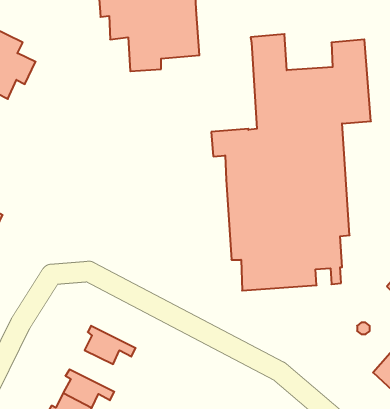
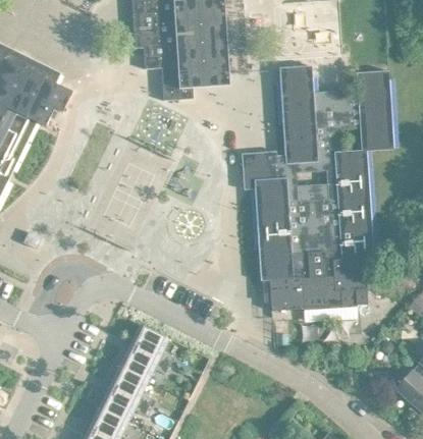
building: none -> [126,324,173,365]
building: none -> [106,367,153,406]

